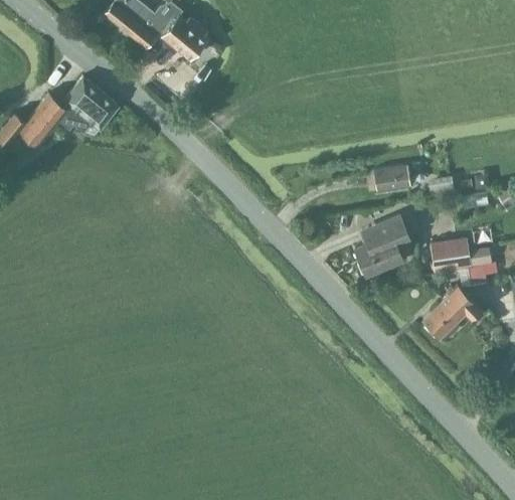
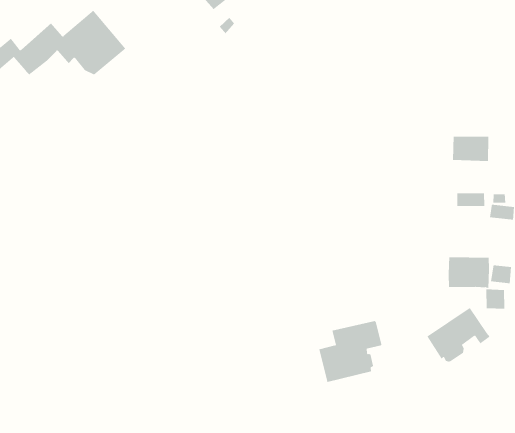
building: [374,166,409,192] -> [452,136,489,161]
building: [354,216,409,278] -> [318,320,382,382]

